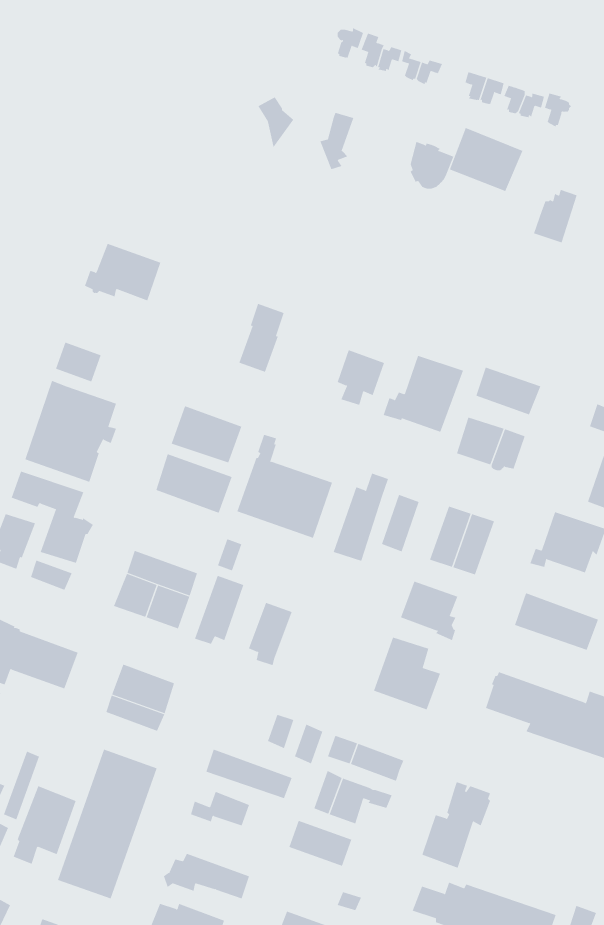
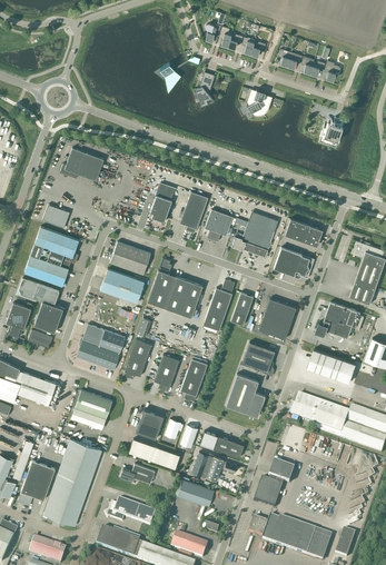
building: [449,127,523,192] -> none
building: none -> [179,191,207,232]
building: none -> [180,356,207,400]
building: none -> [136,408,164,438]

